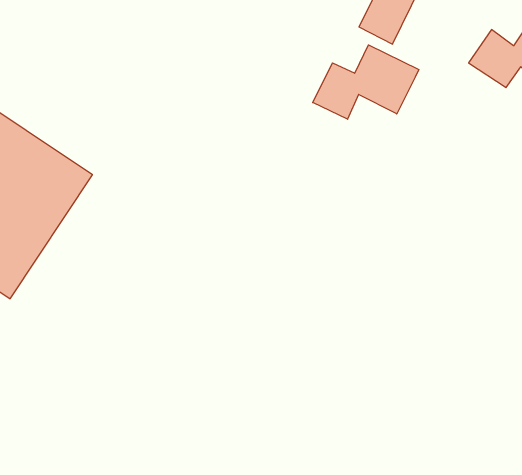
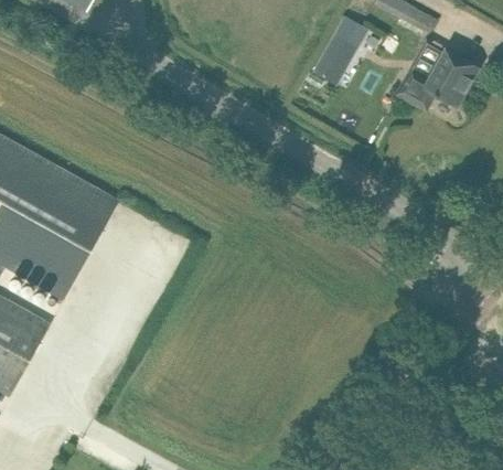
building: [313,45,419,119] -> none

